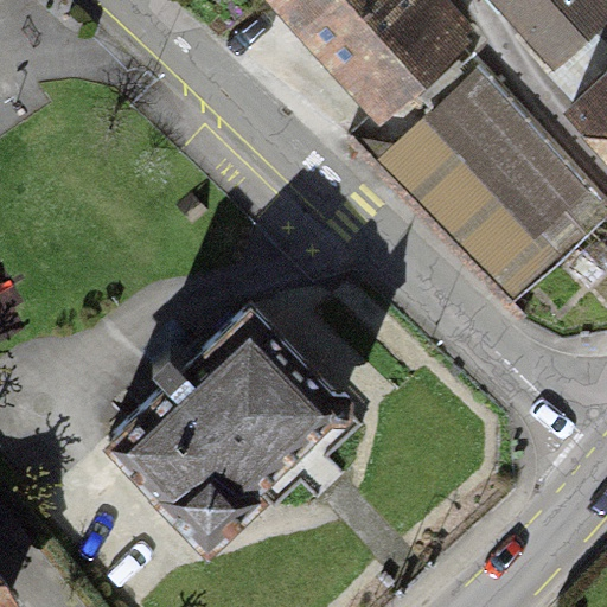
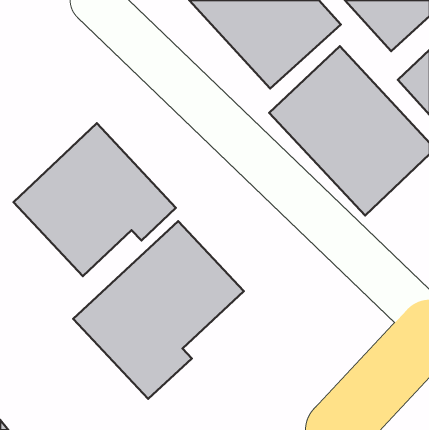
building: none -> [14,123,176,276]

